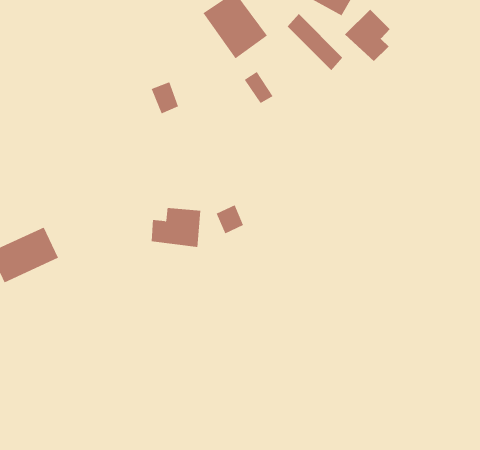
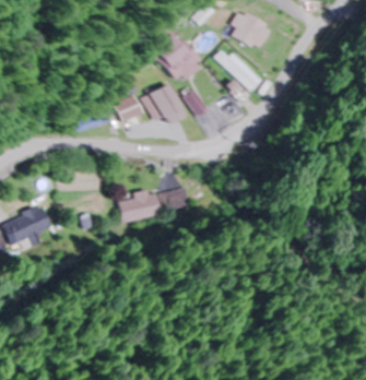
building: [344,9,390,62] -> none
building: none -> [144,84,186,126]

